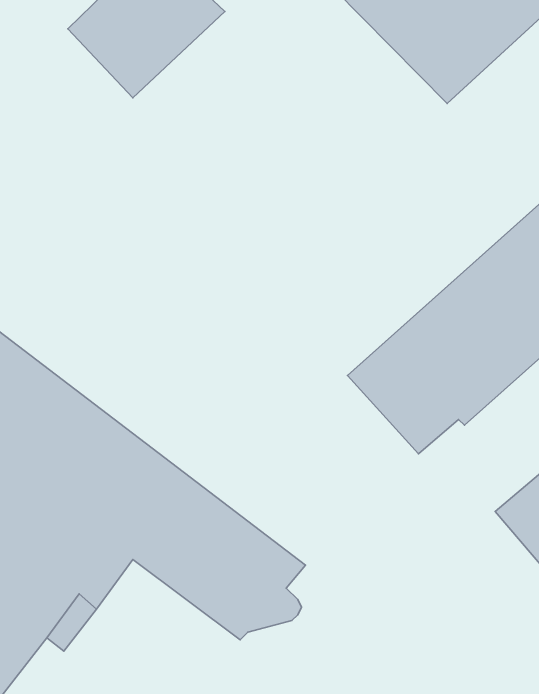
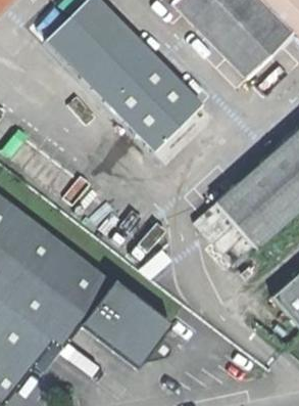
building: none -> [80,30,201,152]

